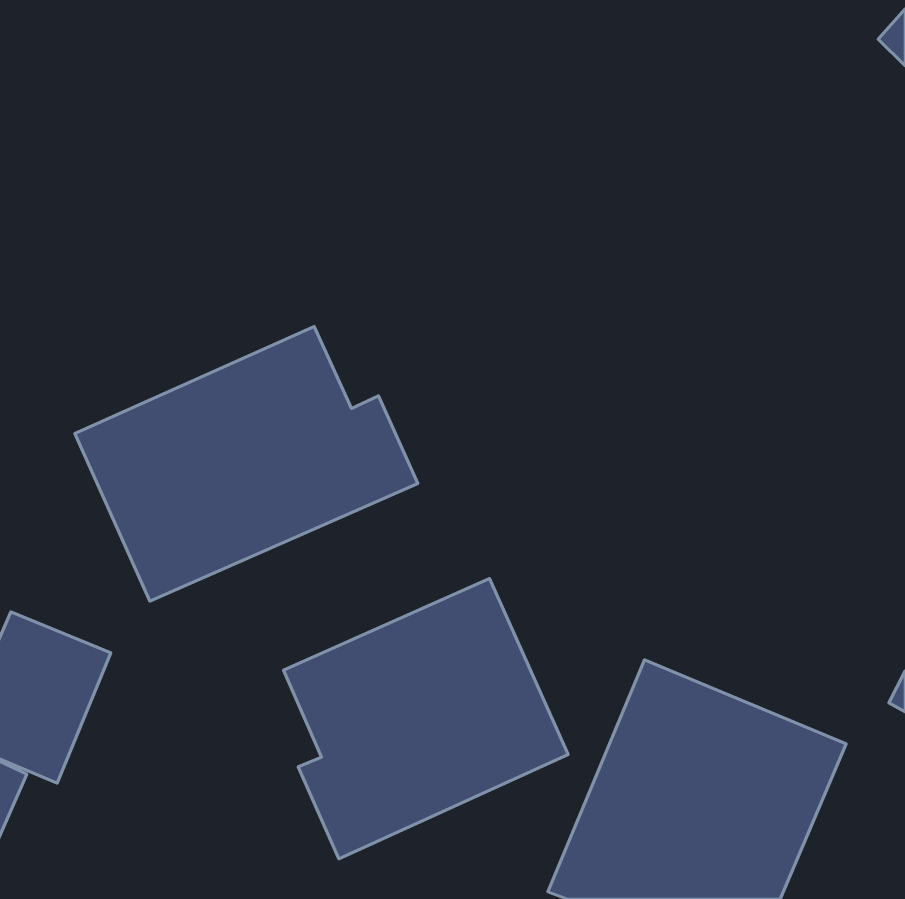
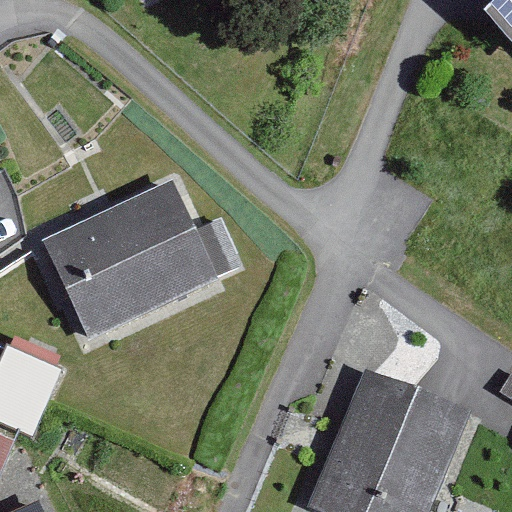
building: [283,578,568,859] -> none

